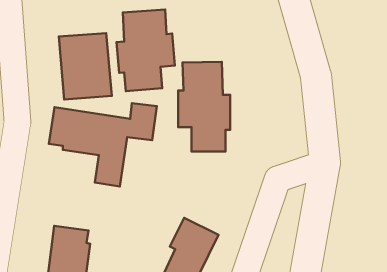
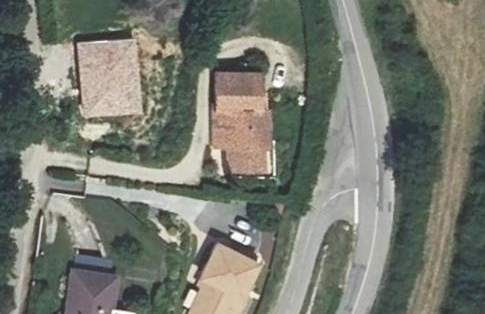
building: [117,10,175,91] -> none
building: [49,103,157,187] -> none

